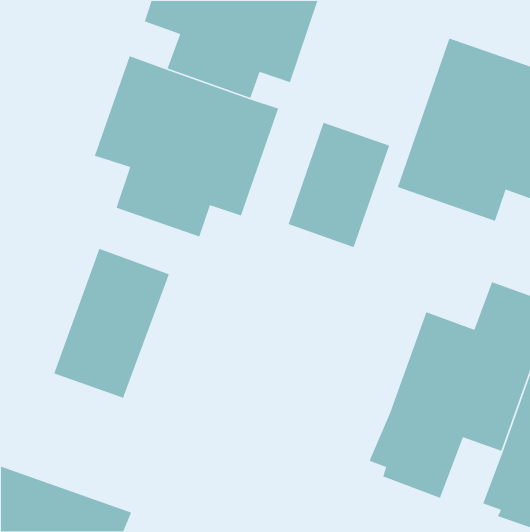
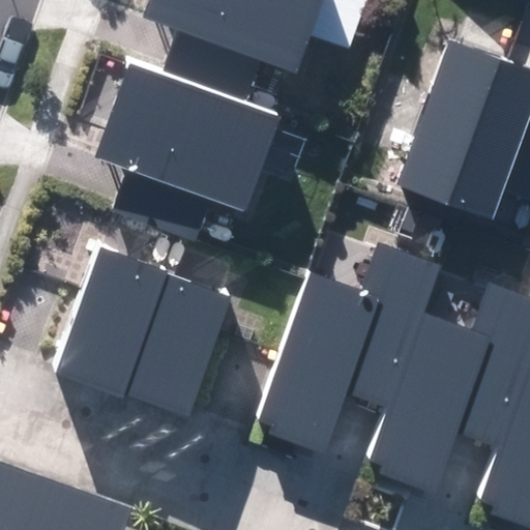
building: [288,122,390,248] -> none
building: none -> [256,242,443,454]
building: none -> [126,275,233,416]

